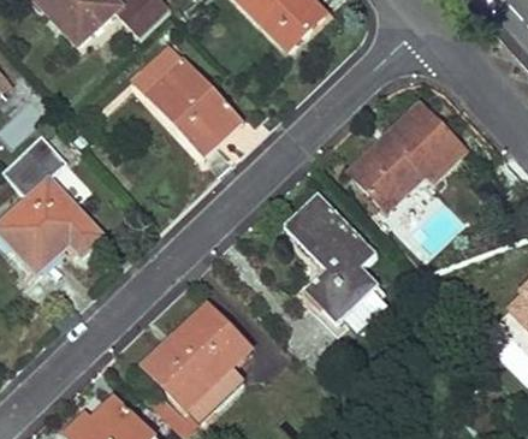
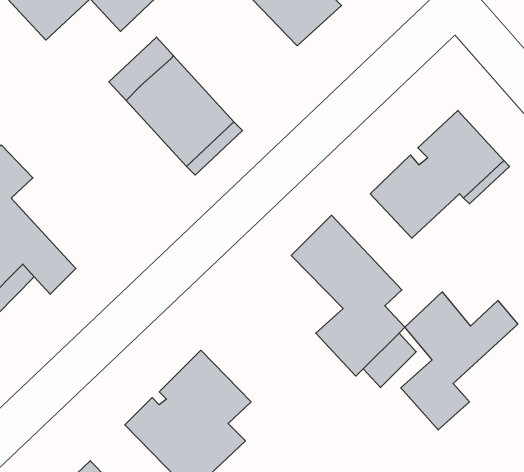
building: none -> [401,292,518,430]

